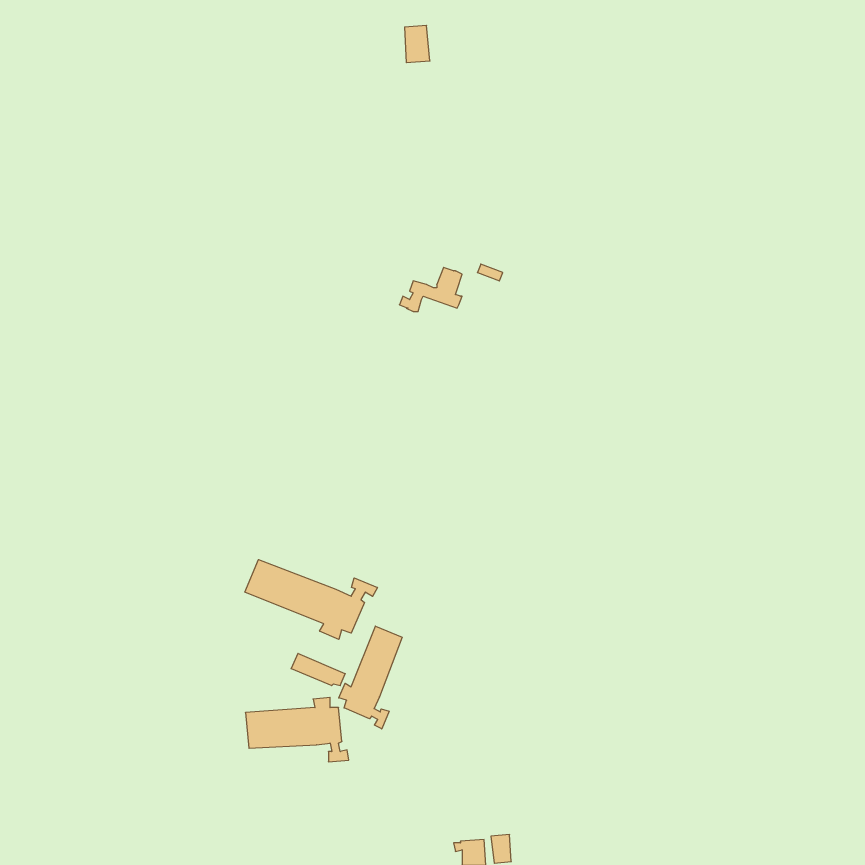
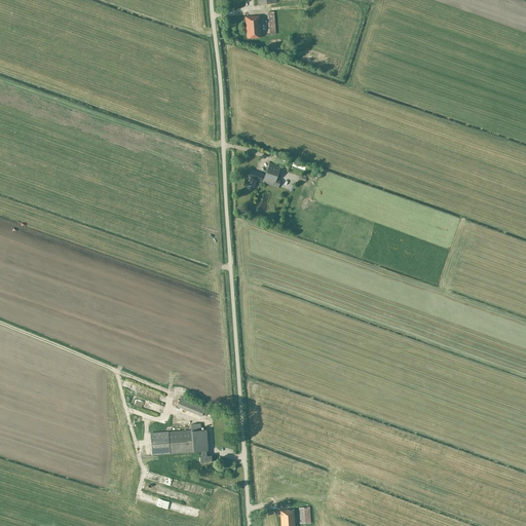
building: [245,560,377,639] -> none
building: [339,626,402,729] -> none

